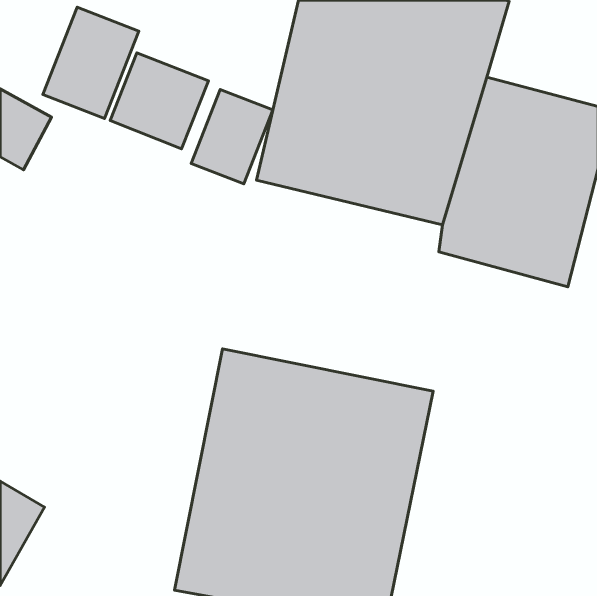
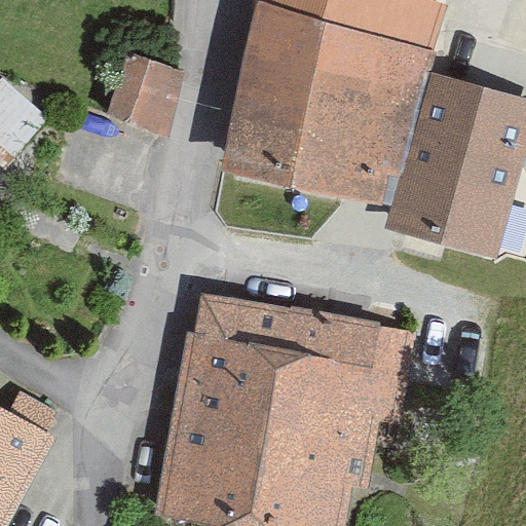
building: [43,7,139,118] -> none
building: [191,89,273,184] -> none

